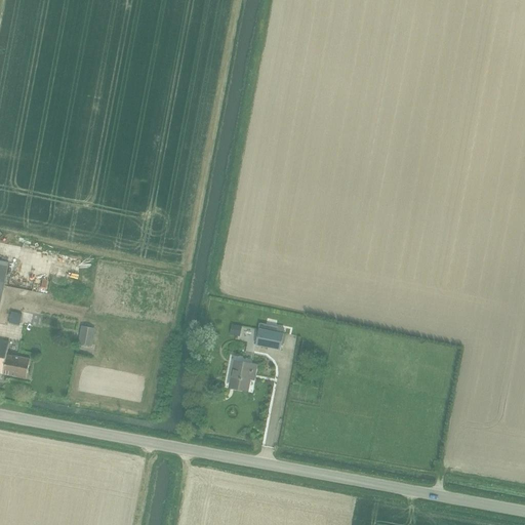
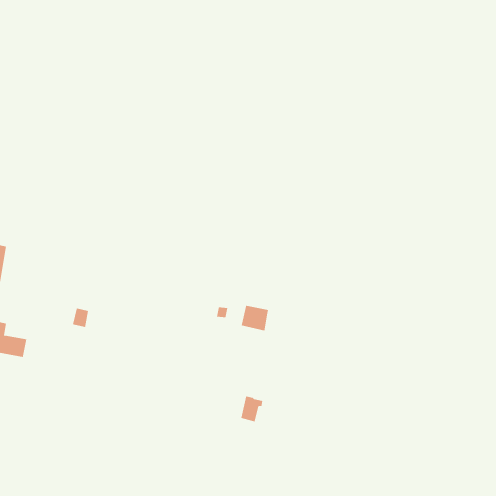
building: [229,361,252,389] -> [241,396,263,422]

